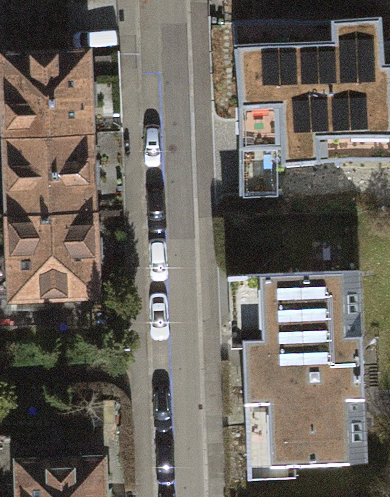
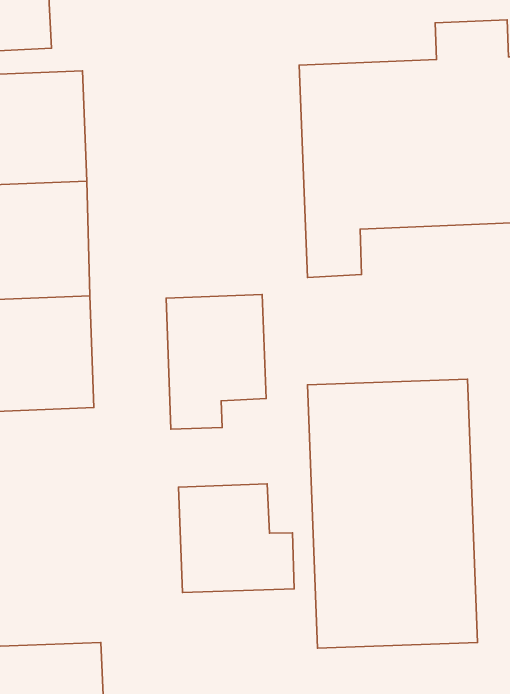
building: none -> [166,295,266,429]
building: none -> [179,484,294,593]

